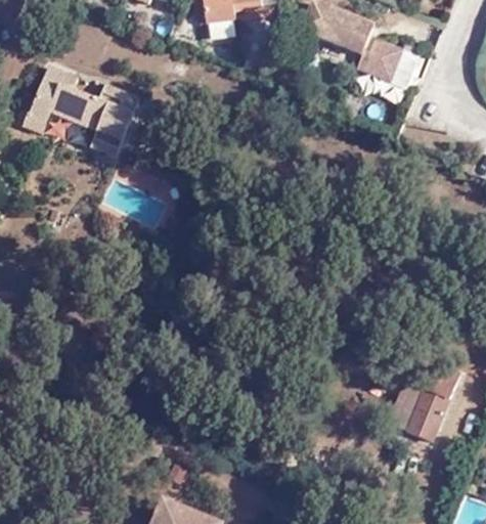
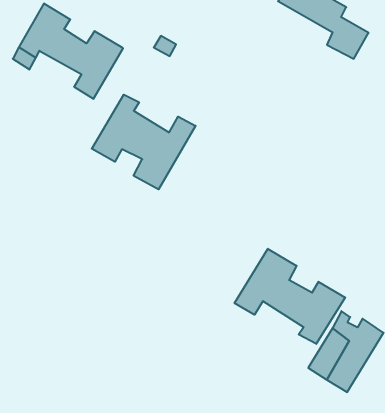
building: none -> [92,95,196,189]
building: none -> [235,249,345,344]

